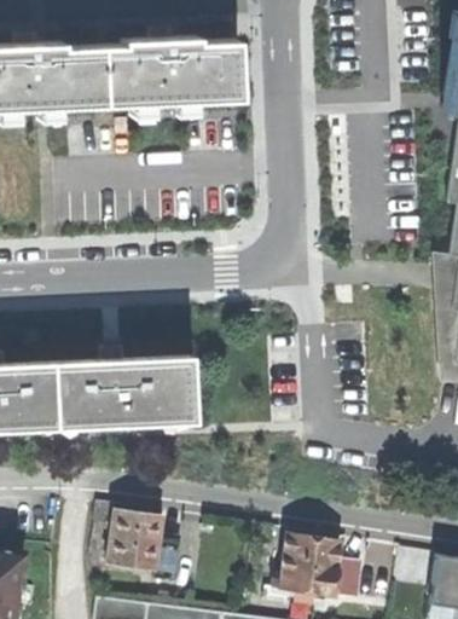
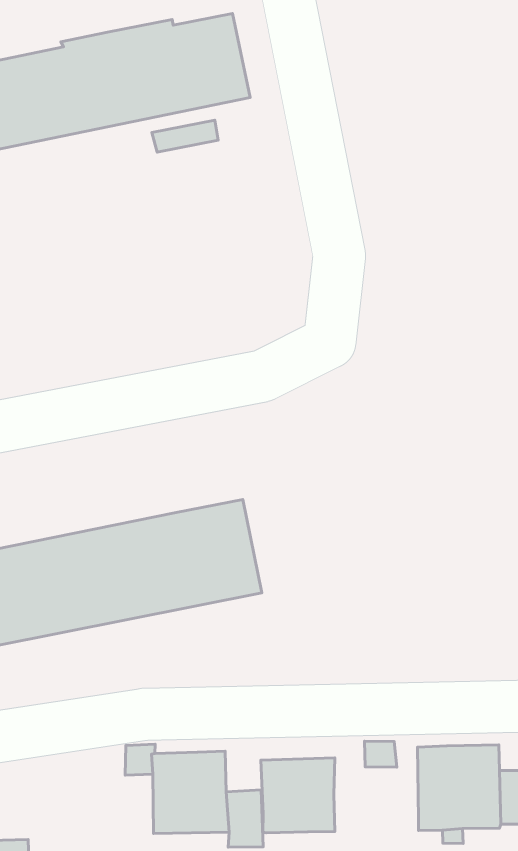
building: none -> [261,758,335,833]

